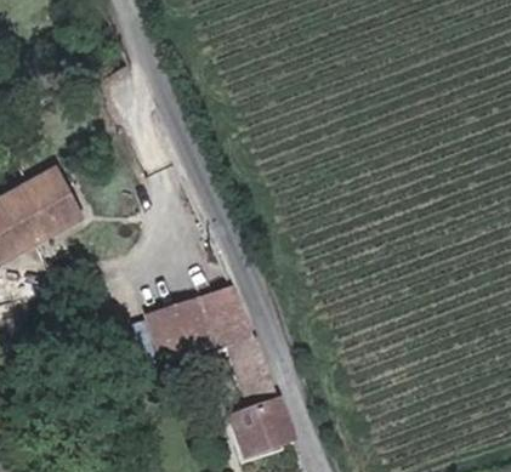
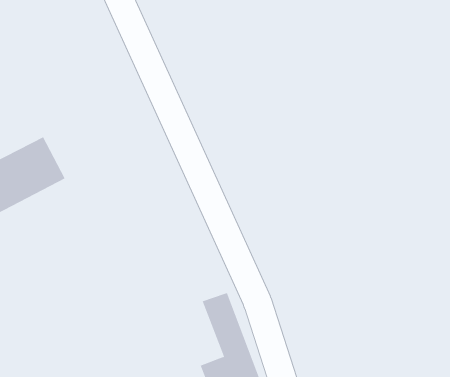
building: [212,294,254,348] -> none
building: [157,300,222,363] -> none

